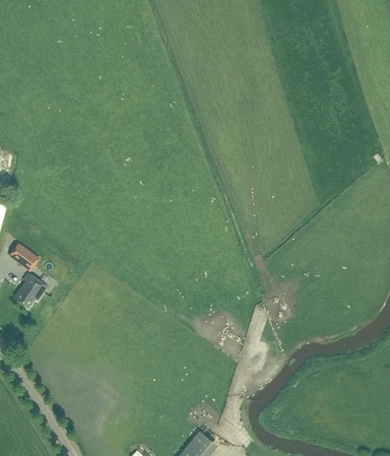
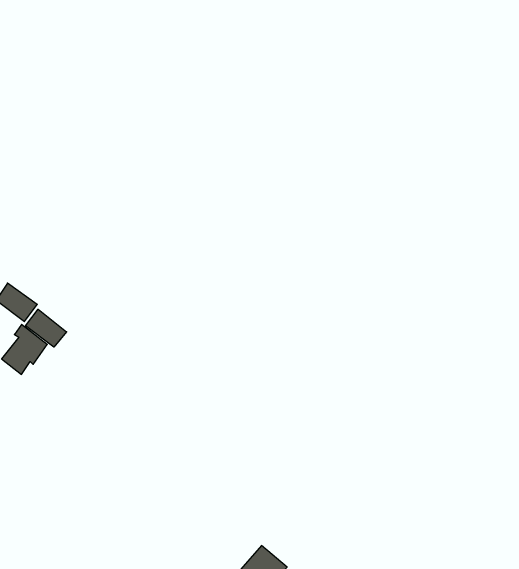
building: none -> [26,309,67,347]

